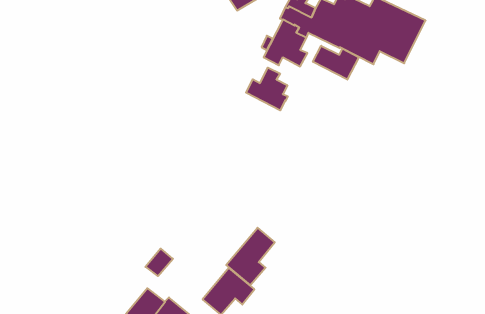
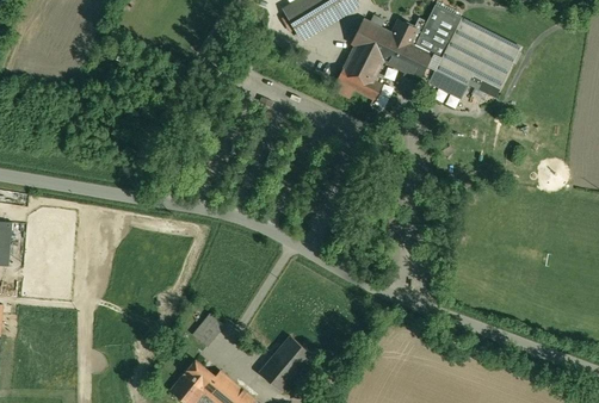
building: [313,46,359,80] -> none
building: [246,68,288,110] -> none
building: [226,228,275,285] -> none

